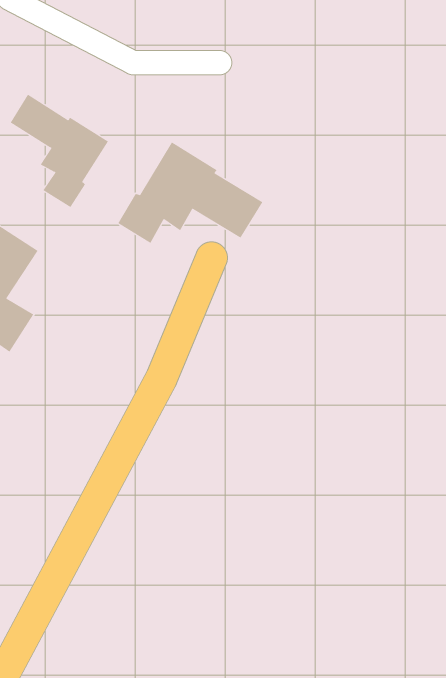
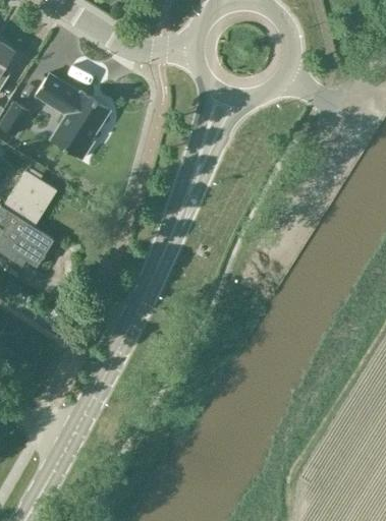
building: [118,142,263,244] -> none

